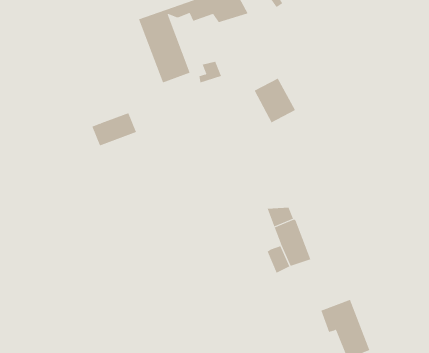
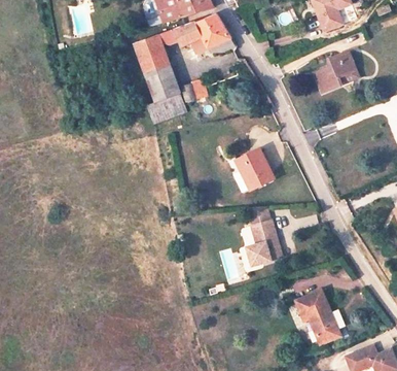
building: none -> [314,49,360,92]
building: [254,78,296,123] -> [237,149,274,190]
building: [92,112,137,146] -> [146,92,186,122]

